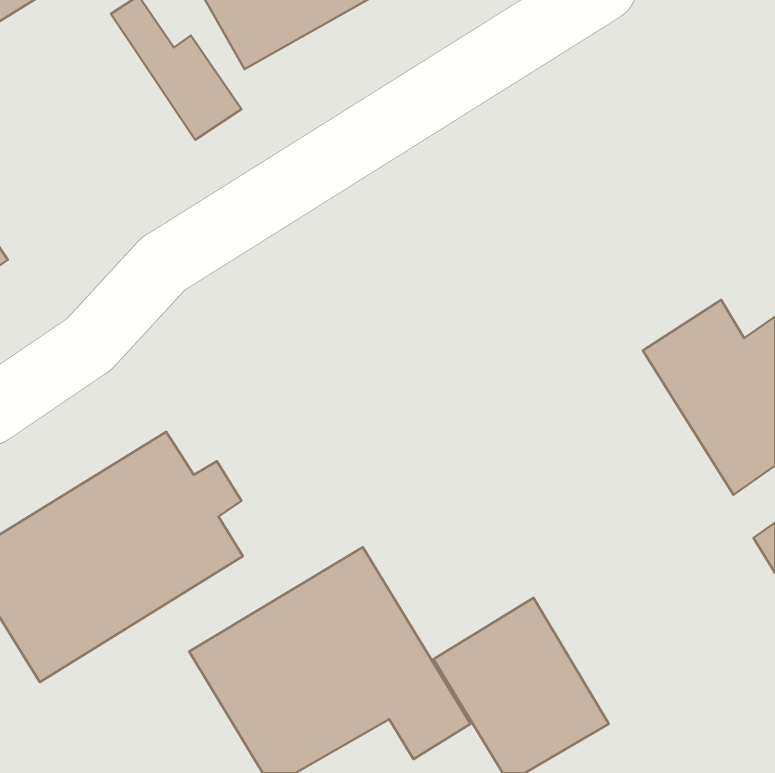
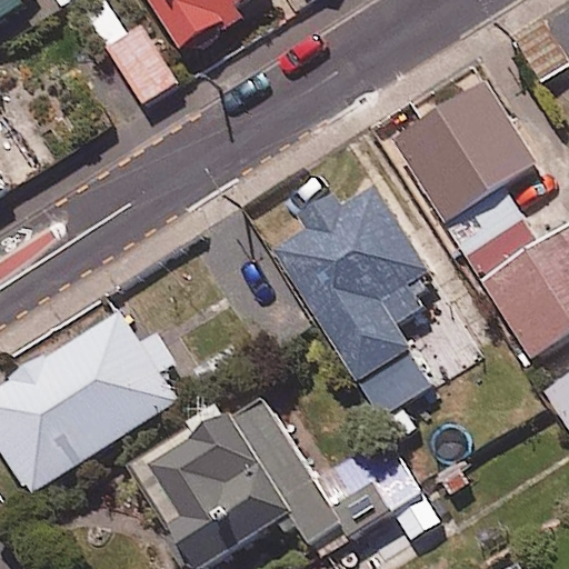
building: none -> [393,82,536,253]
building: none -> [271,181,442,413]

